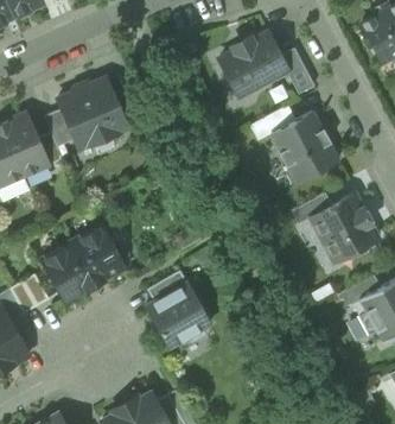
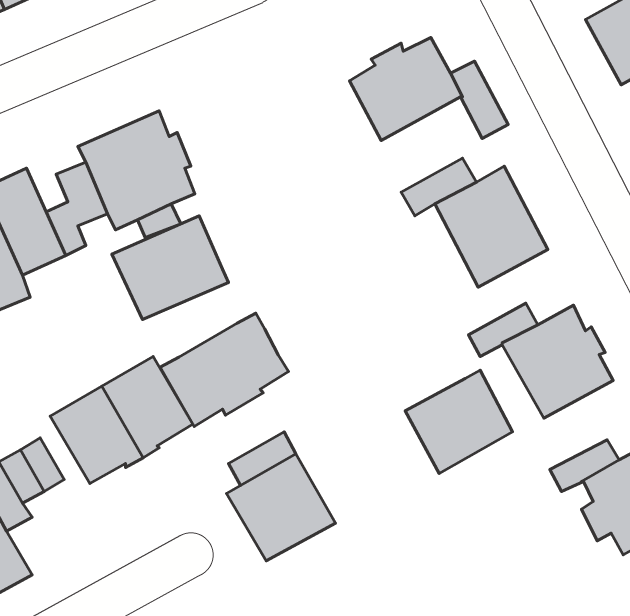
building: none -> [112,216,228,319]
building: none -> [160,313,288,426]
building: none -> [405,370,513,474]

